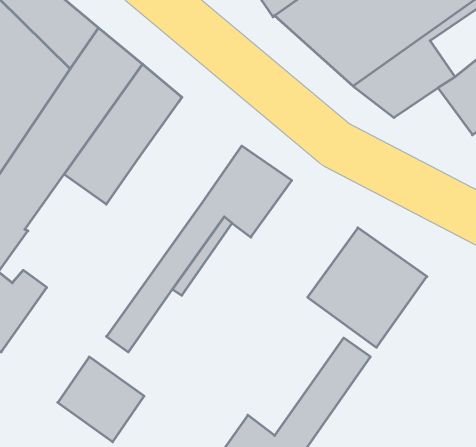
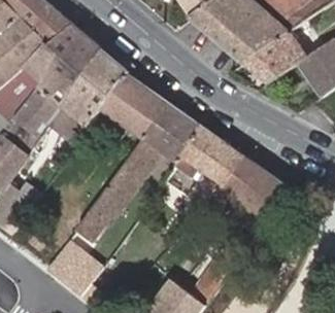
building: none -> [101,73,168,139]
building: none -> [172,125,244,211]

